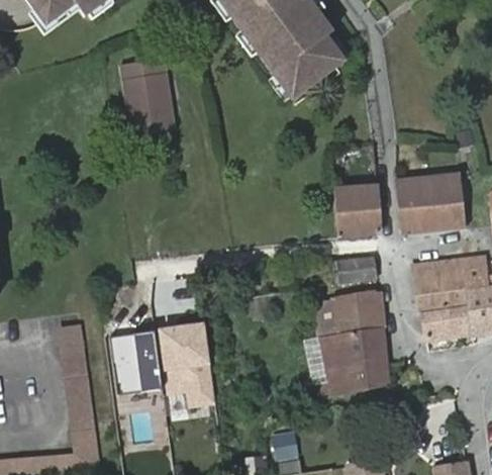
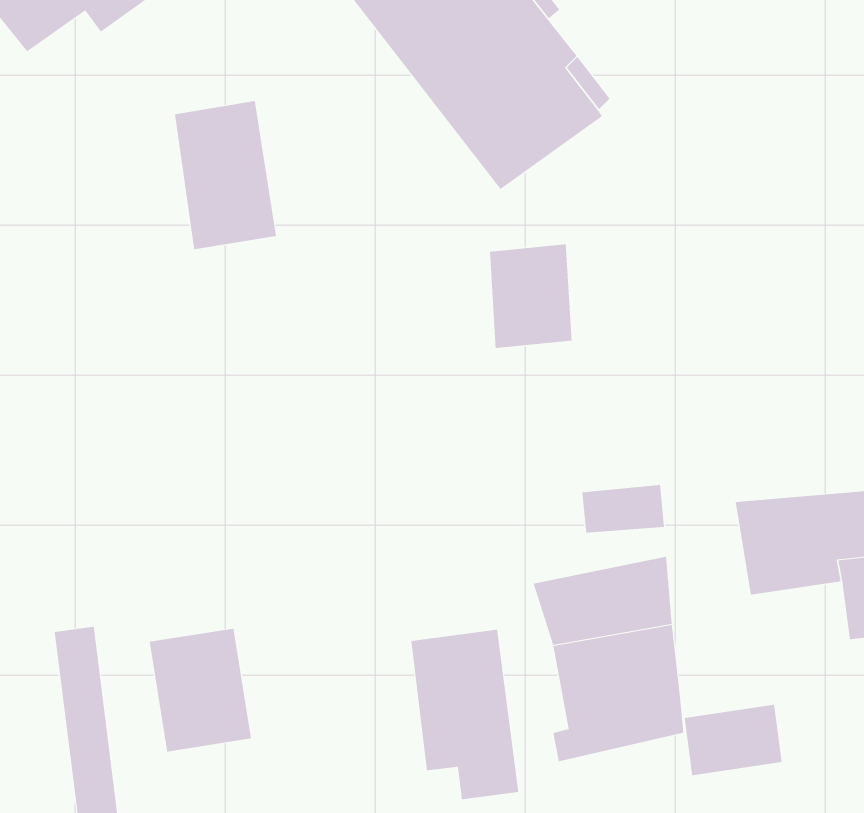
building: [399,173,465,233] -> none
building: [335,182,379,236] -> [489,244,572,349]
building: [421,305,473,343] -> [684,704,783,776]
building: [161,320,217,409] -> [411,629,519,800]

